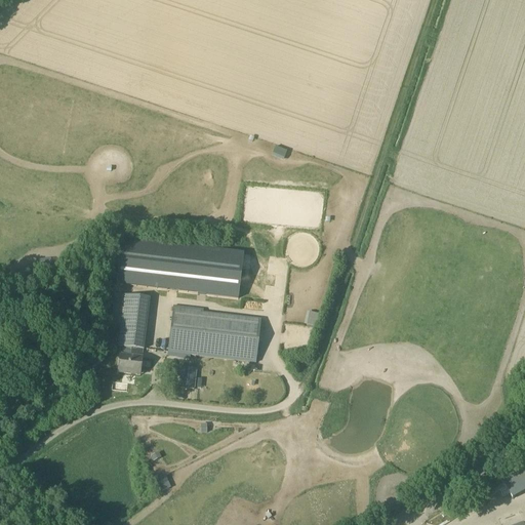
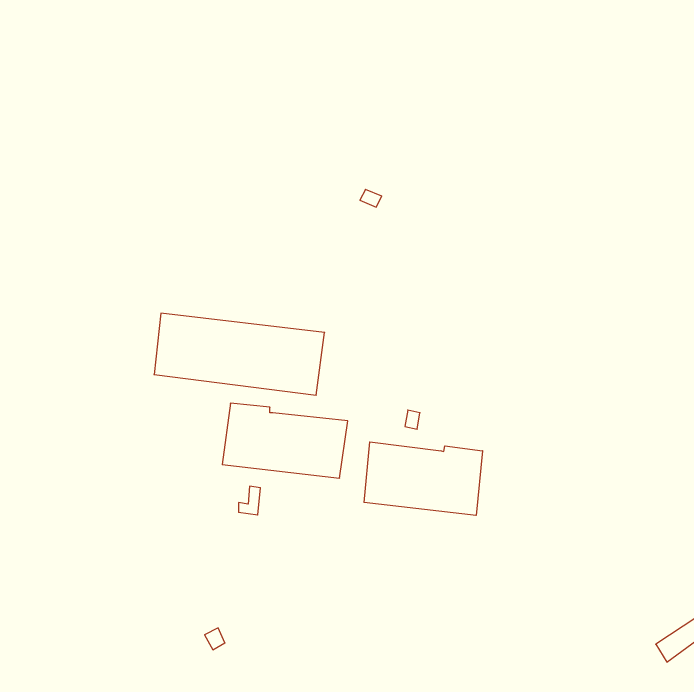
building: [113,291,152,373] -> none
building: none -> [364,442,483,515]

